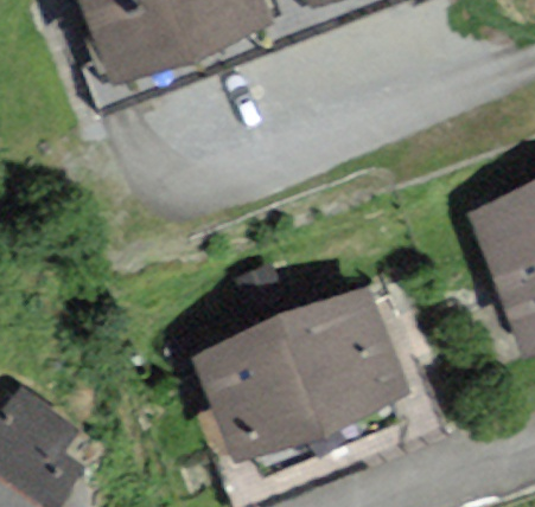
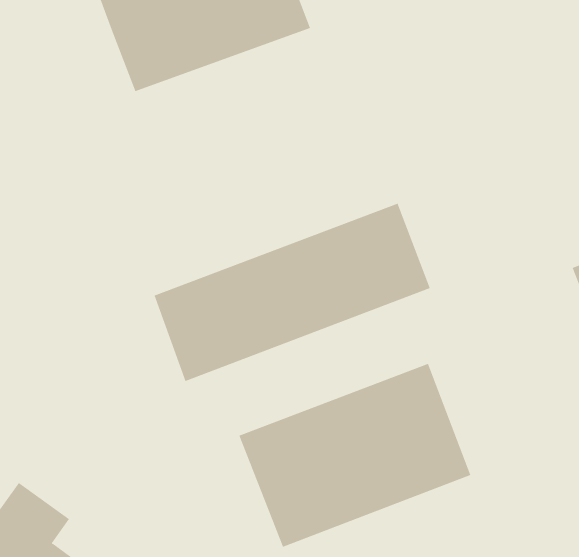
building: none -> [154,203,430,382]

